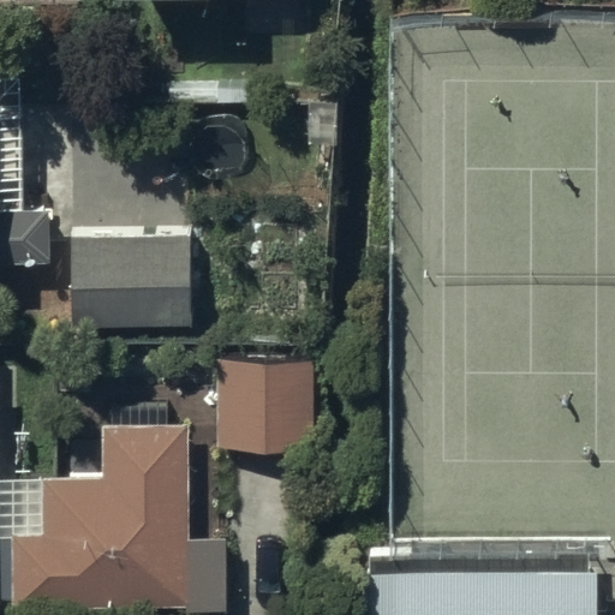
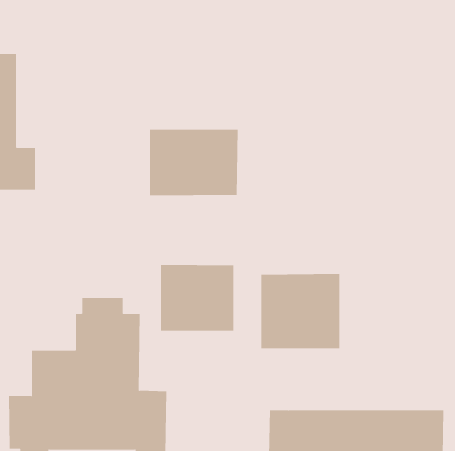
building: [70,238,190,328] -> [149,129,238,196]
building: none -> [261,273,340,349]

